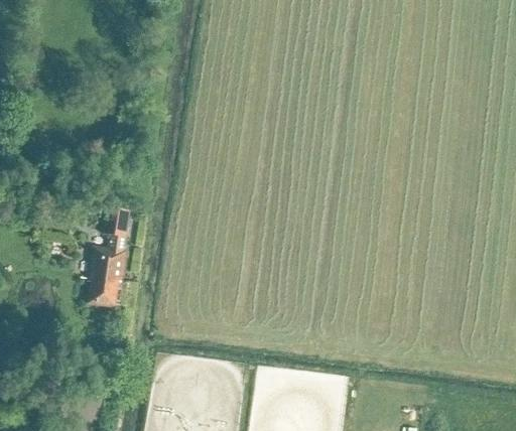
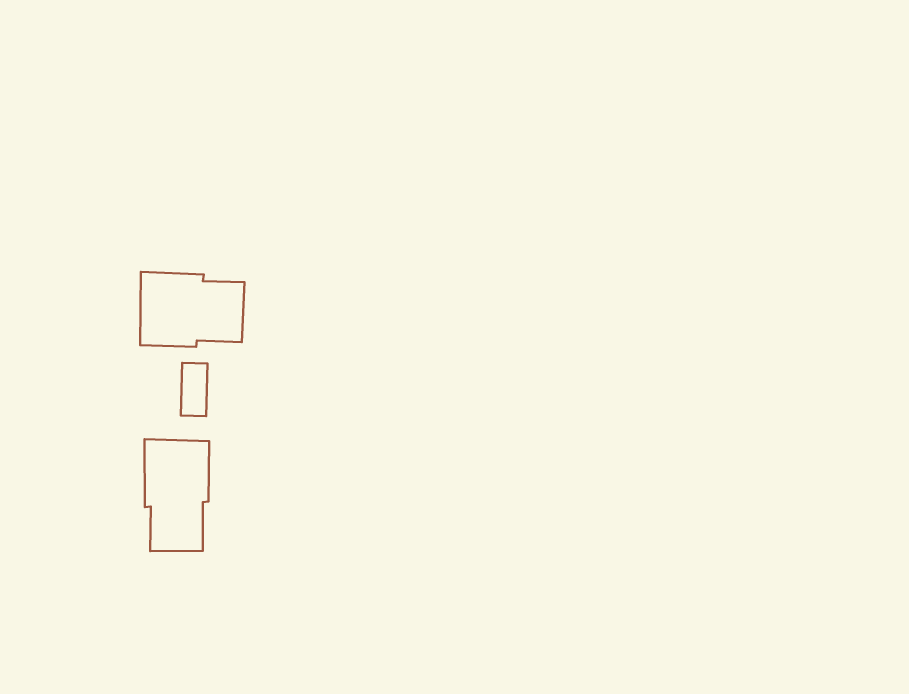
building: none -> [140,272,244,347]

